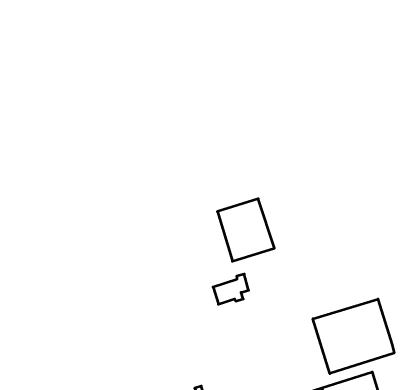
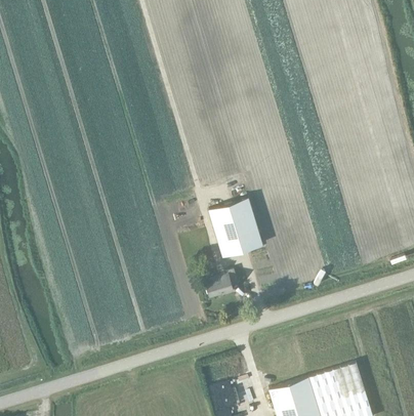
building: [313,299,394,374] -> none

